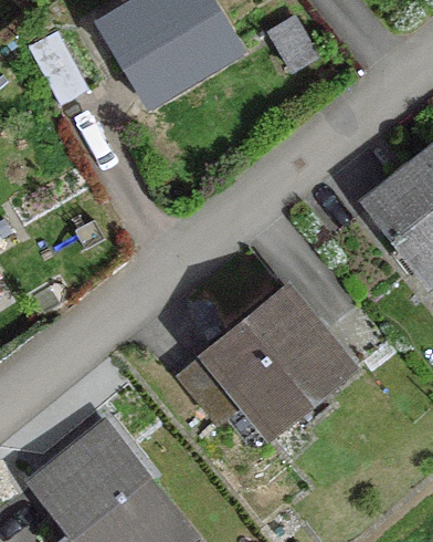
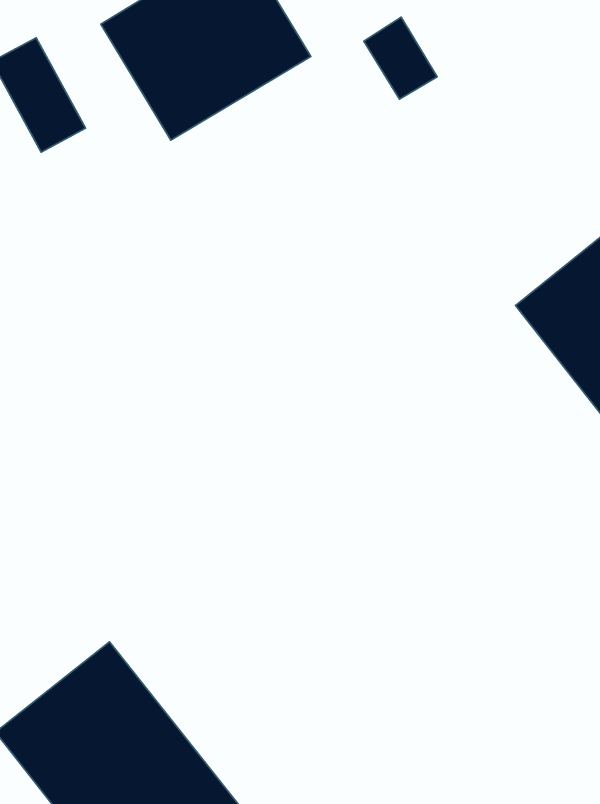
building: [179,288,351,436] -> none

